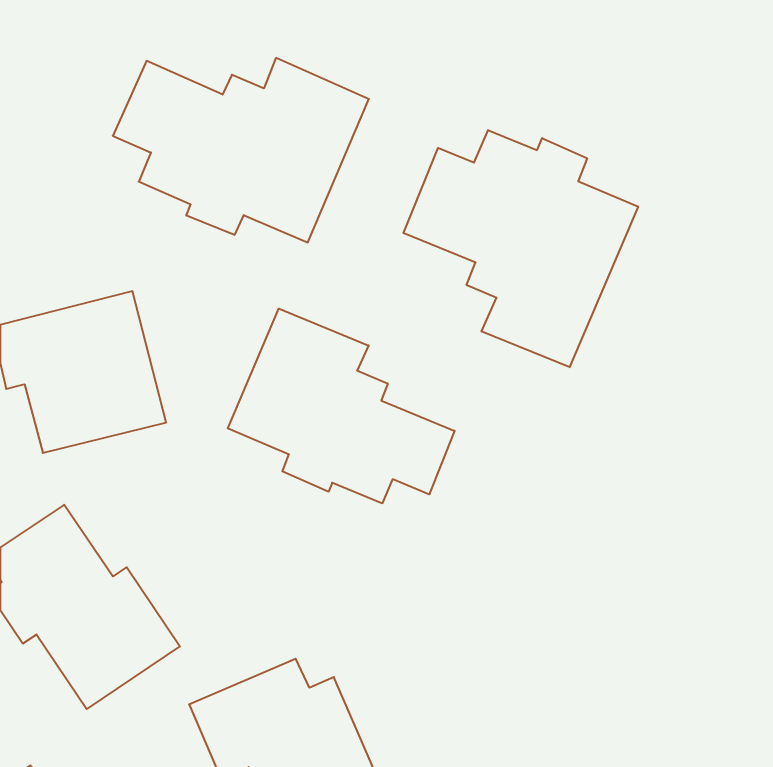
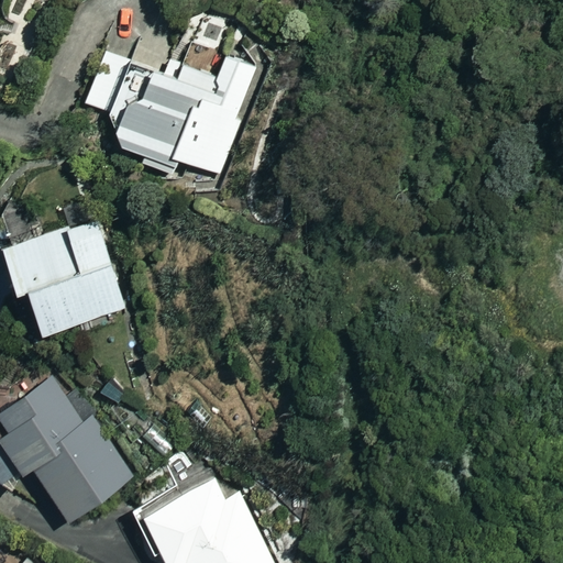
building: [403,130,638,367] -> none
building: [228,309,455,503] -> none

